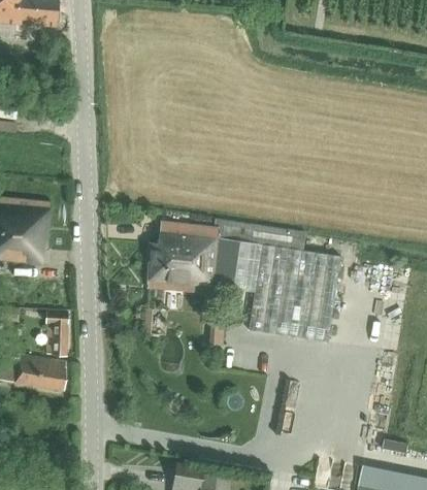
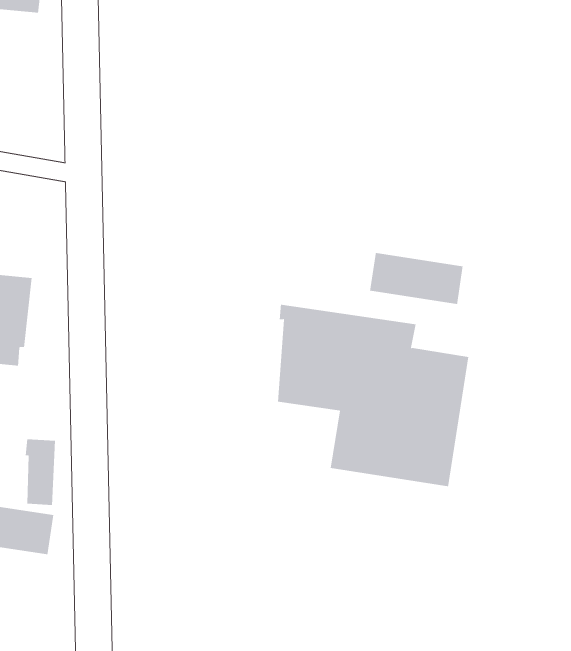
building: none -> [369,252,463,305]
building: [147,223,219,292] -> none

